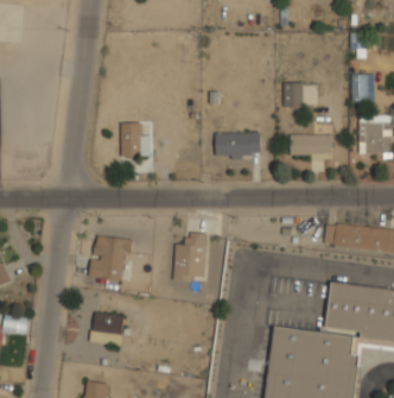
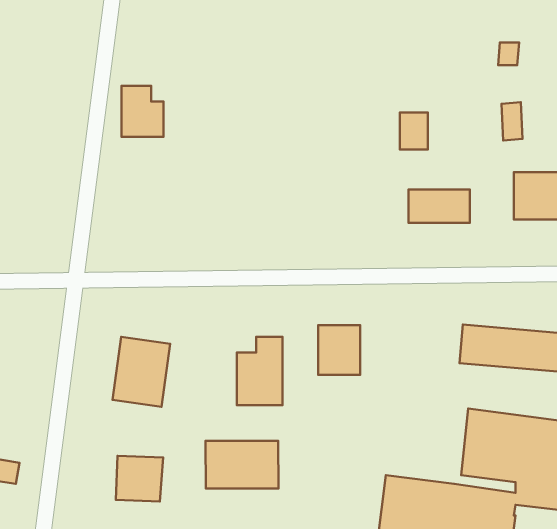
building: [120,121,148,156] -> [121,86,163,137]
building: [216,131,260,158] -> none
building: none -> [318,325,360,375]
building: none -> [206,441,279,489]

